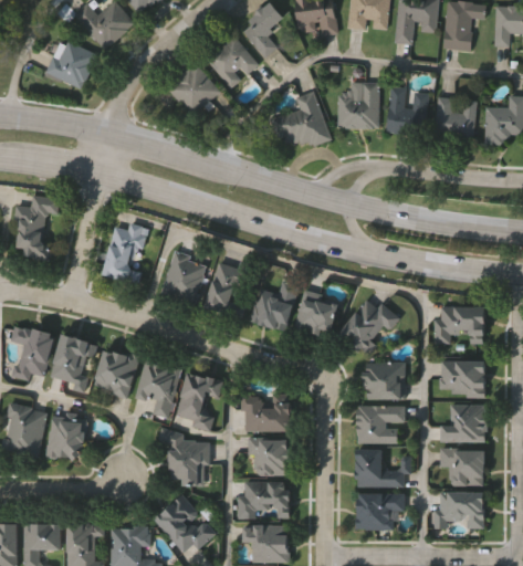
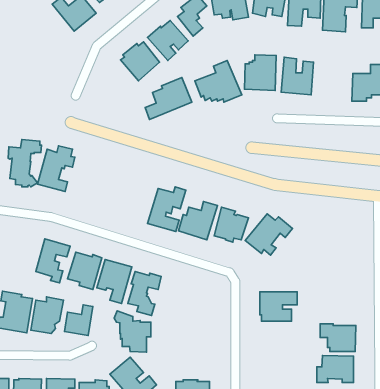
building: [43,39,96,87] -> none
building: [431,93,477,138] -> none
building: none -> [145,78,192,119]
building: [101,222,151,284] -> [37,146,75,192]
building: [160,249,206,303] -> none
building: [432,306,487,345] -> none
building: [11,323,57,380] -> none
building: [362,359,407,399] -> none
building: [437,363,482,399] -> none
building: [239,391,289,431] -> none
building: [439,406,483,442] -> none
building: none -> [64,305,93,335]
building: [247,437,290,473] -> none
building: [356,448,412,486] -> none
building: [236,480,289,518] -> none
building: [356,492,405,528] -> none

